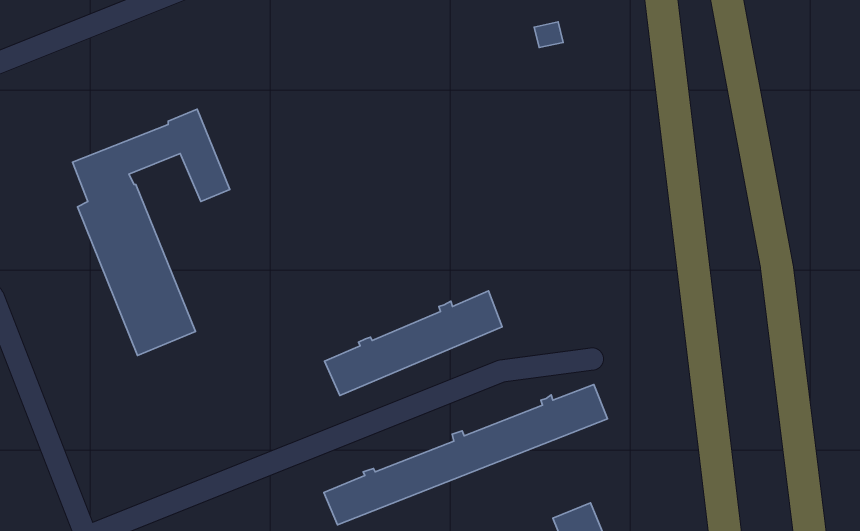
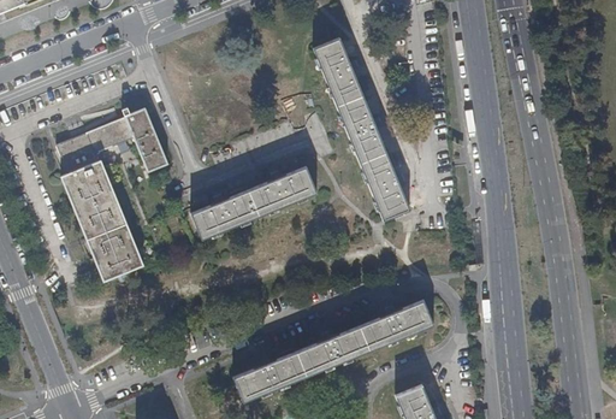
building: none -> [313,37,409,218]
building: [324,291,502,395] -> [191,165,316,238]

